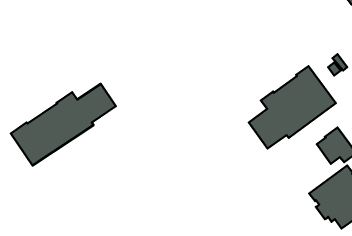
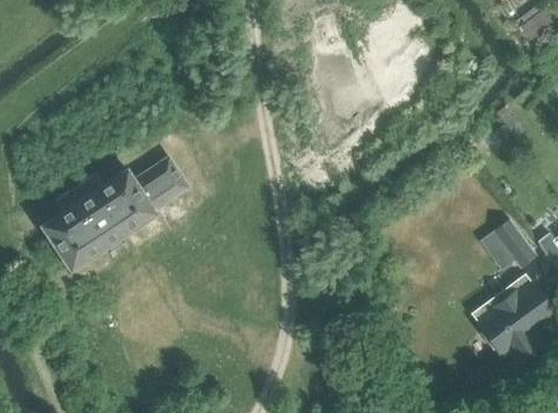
building: [249,66,336,148] -> none

